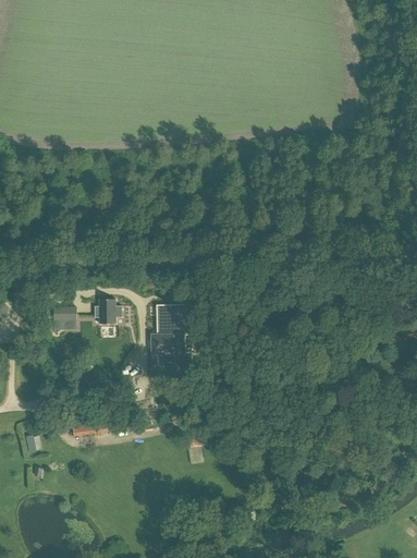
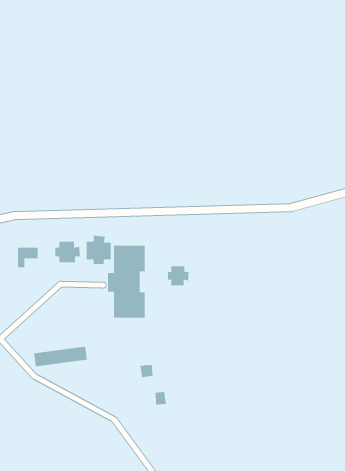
building: none -> [86,235,112,265]
building: none -> [167,266,190,286]

